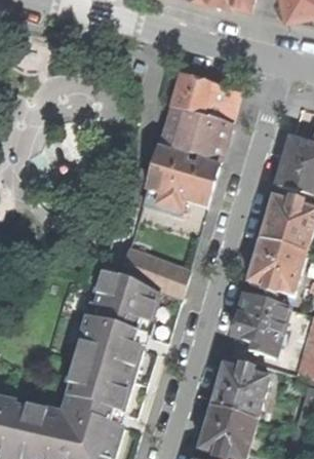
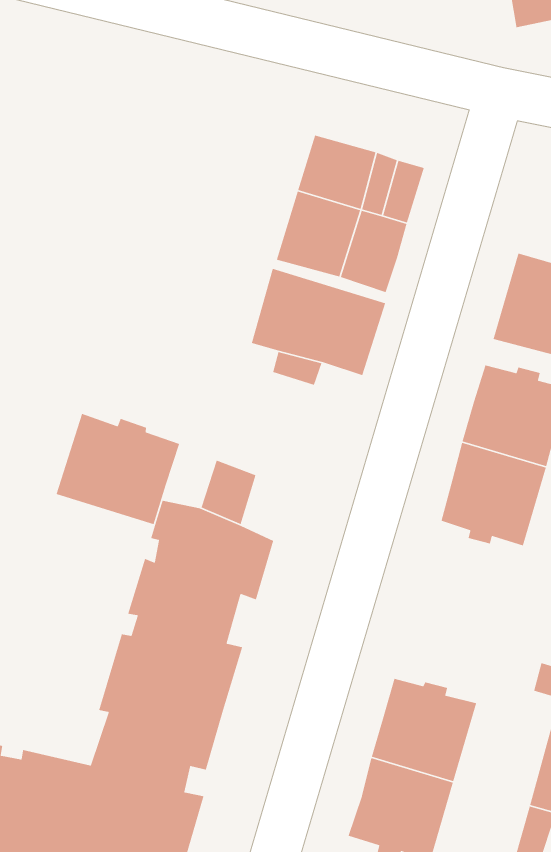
building: none -> [56,413,180,525]
building: [142,256,189,300] -> none
building: [231,293,287,356] -> none

